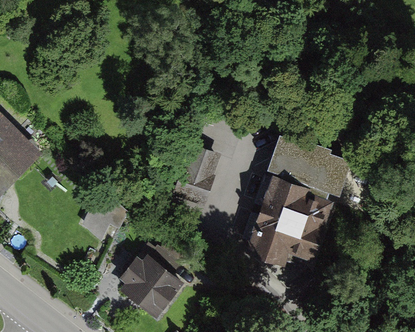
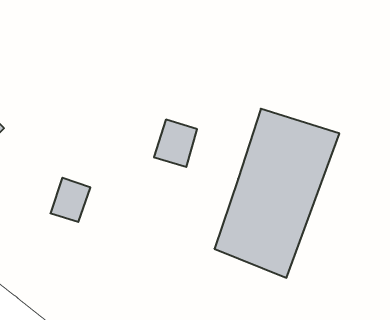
building: [119,253,185,318] -> none

